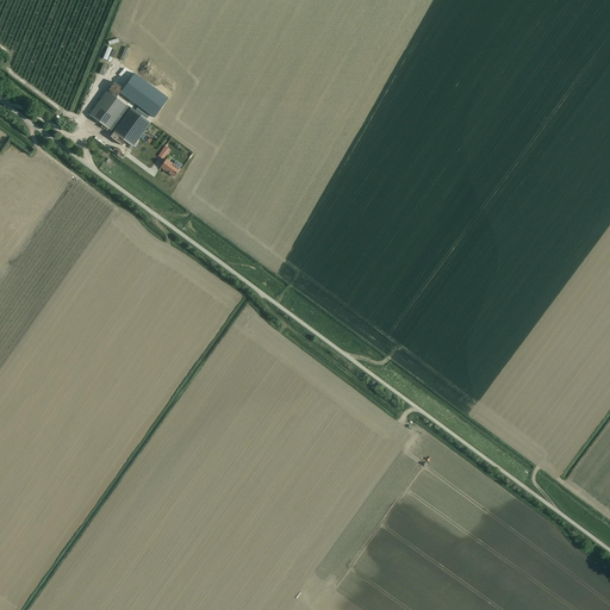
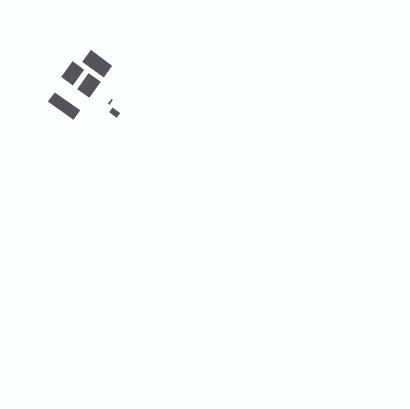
building: none -> [47,91,81,121]

